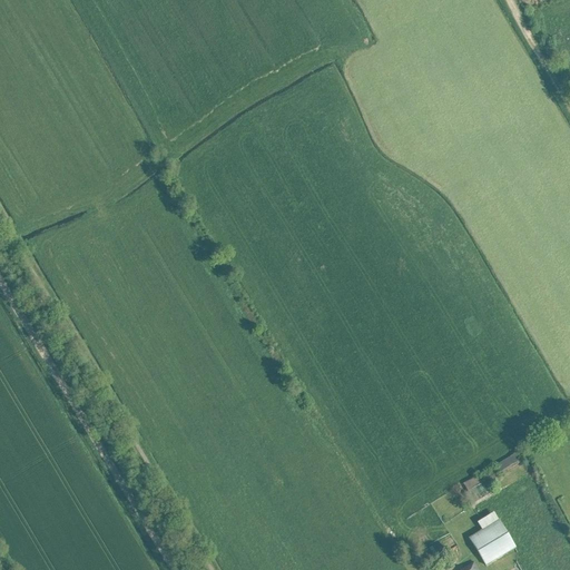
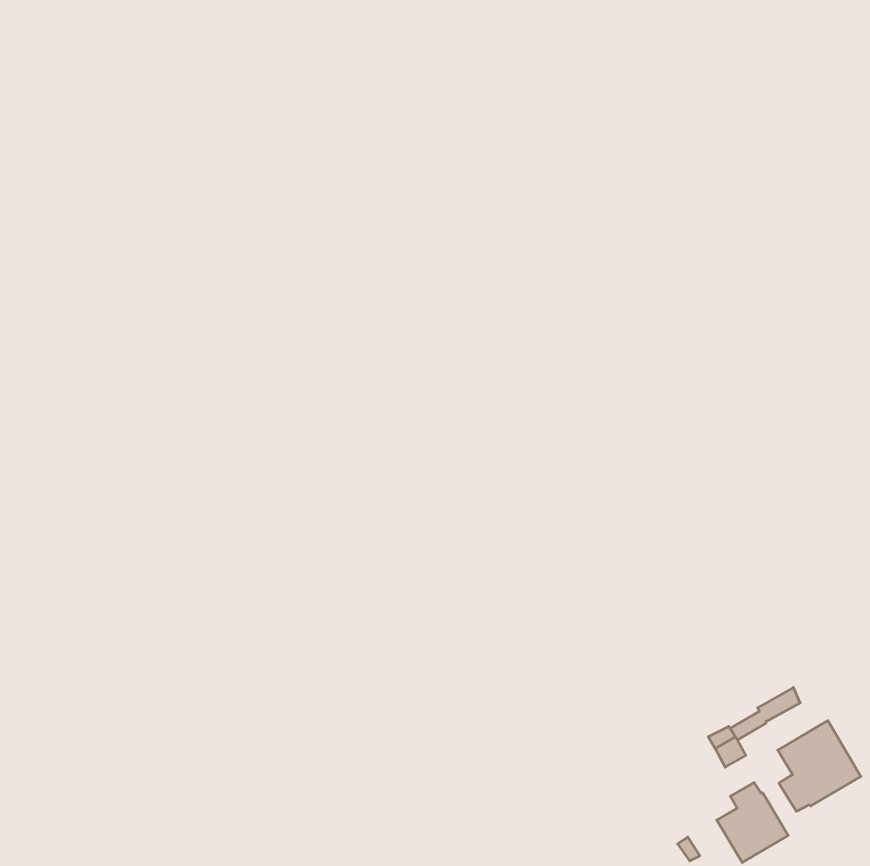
building: none -> [778,721,861,811]

